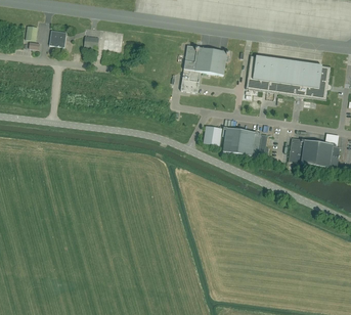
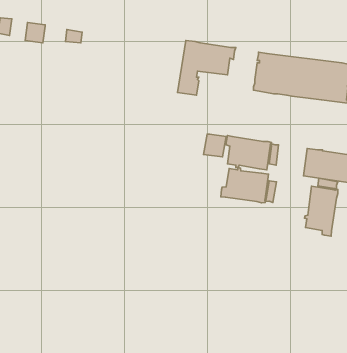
building: none -> [221,168,276,203]
building: none -> [305,178,338,236]

